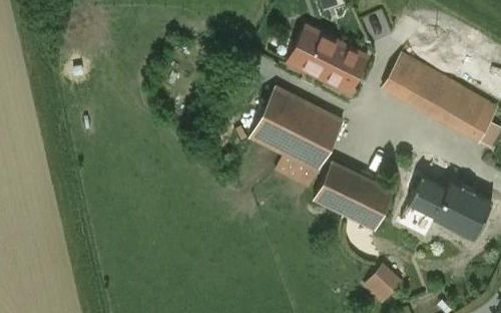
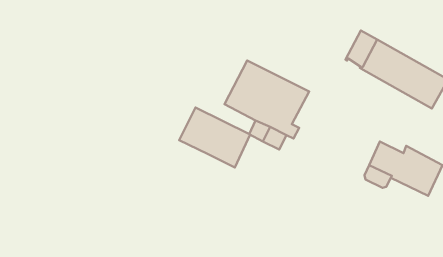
building: [289,27,367,91] -> none
building: [315,163,393,229] -> [179,107,250,167]
building: [366,267,400,301] -> none

